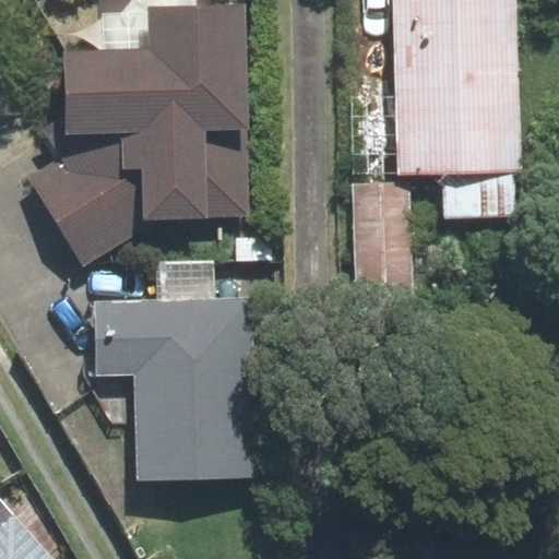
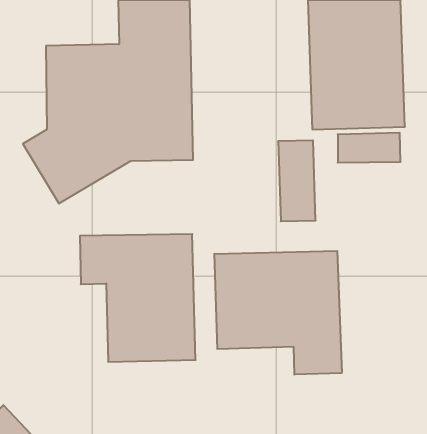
building: none -> [214,251,342,375]

